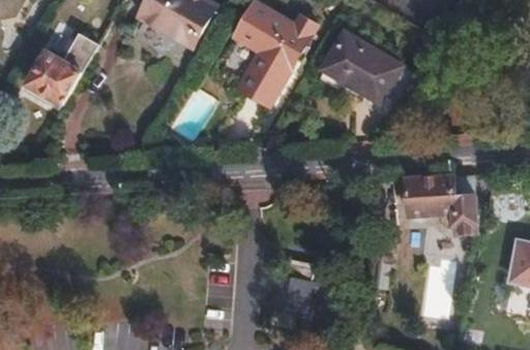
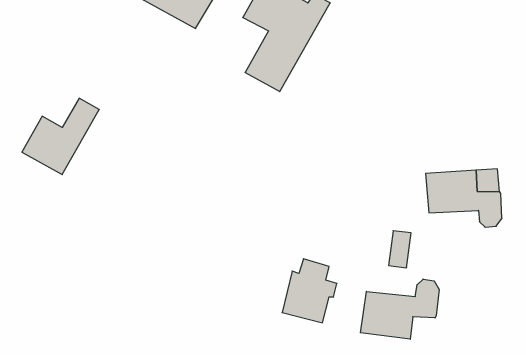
building: [323,31,418,110] -> none
building: [24,35,95,106] -> [22,98,99,175]
building: none -> [360,279,439,339]

